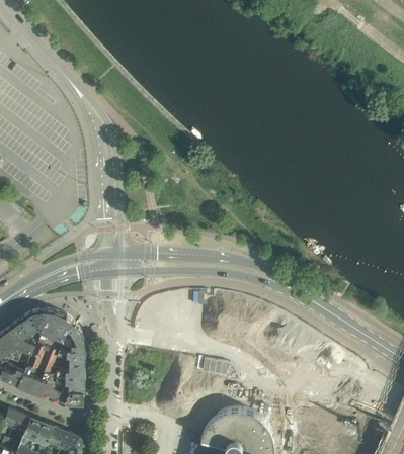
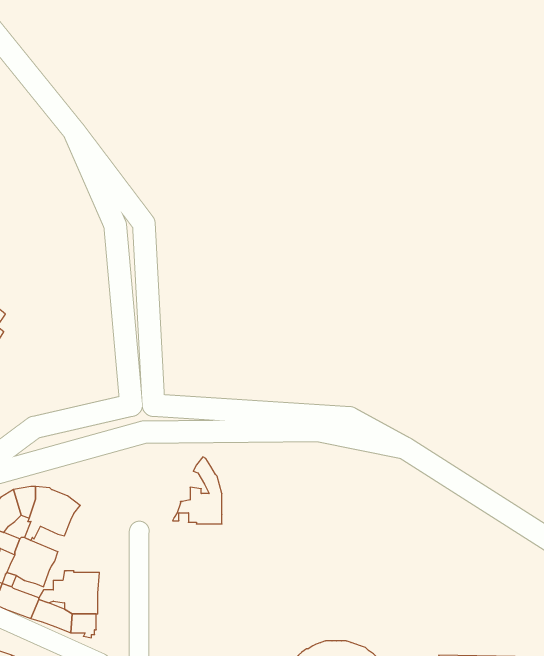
building: [53,325,84,367] -> [173,457,222,524]

